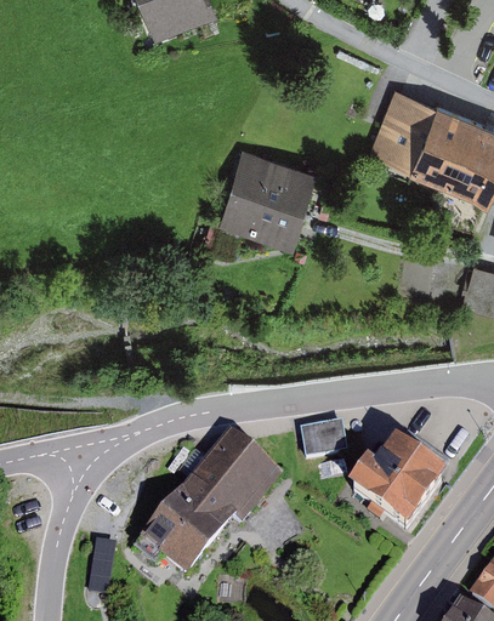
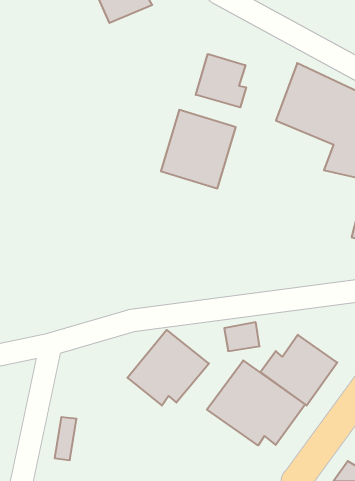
building: none -> [196,54,246,107]
building: none -> [207,360,305,445]
building: [132,488,223,570] -> none

